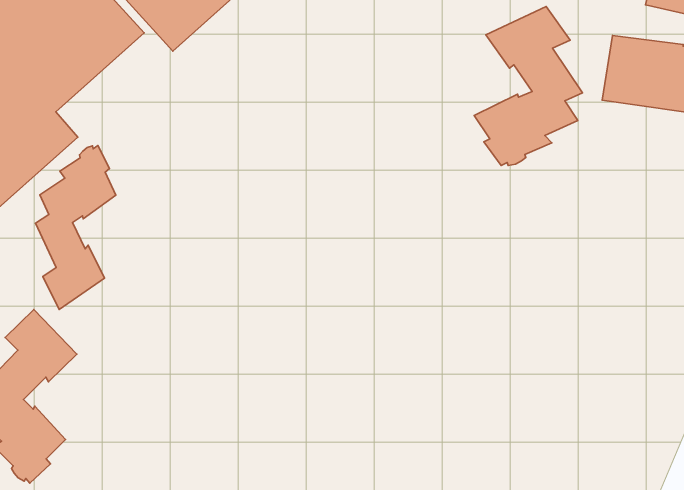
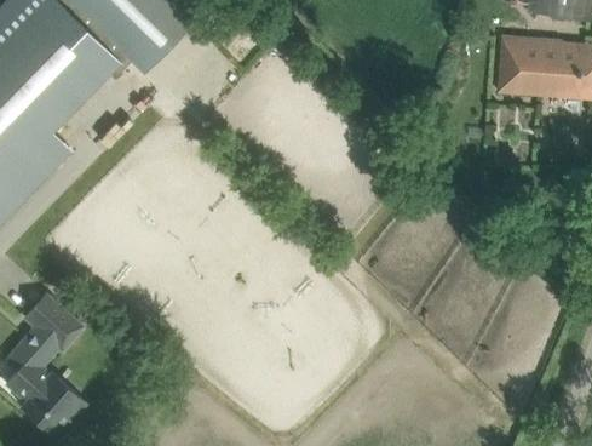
building: [474,7,582,166] -> none
building: [36,145,116,309] -> none

